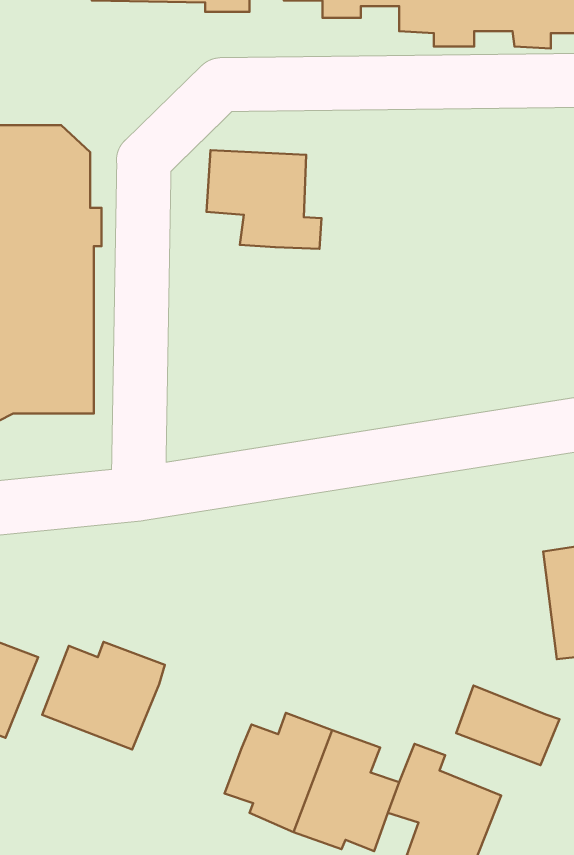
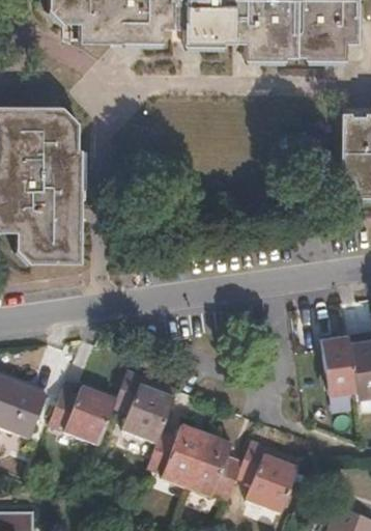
building: [206,150,322,249] -> none
building: none -> [115,369,177,443]
building: [456,685,559,765] -> none

